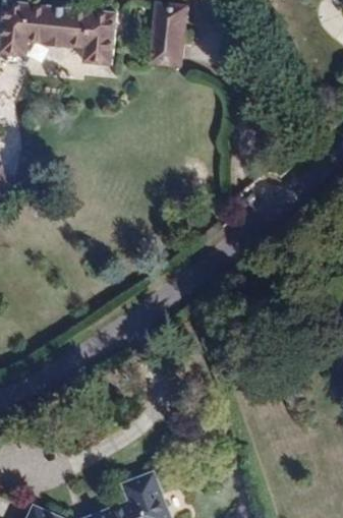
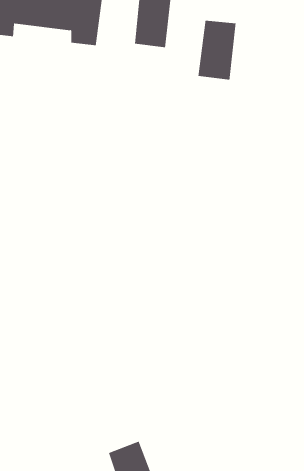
building: none -> [198,20,236,81]

